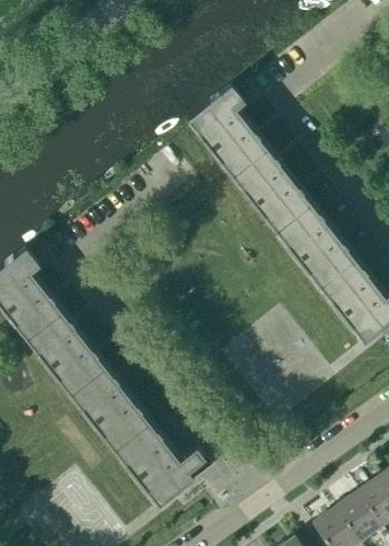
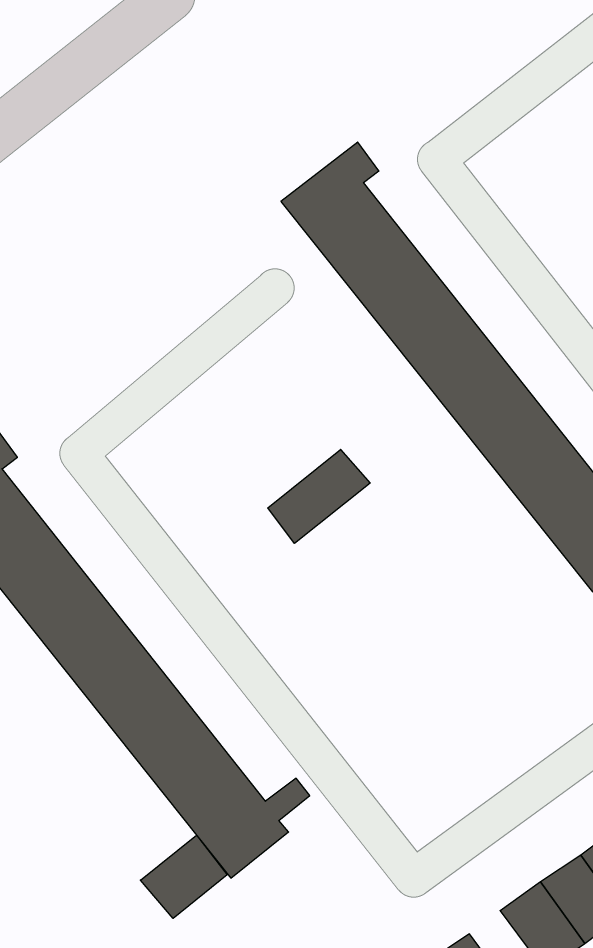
building: none -> [268,449,370,543]
building: none -> [140,835,227,918]

